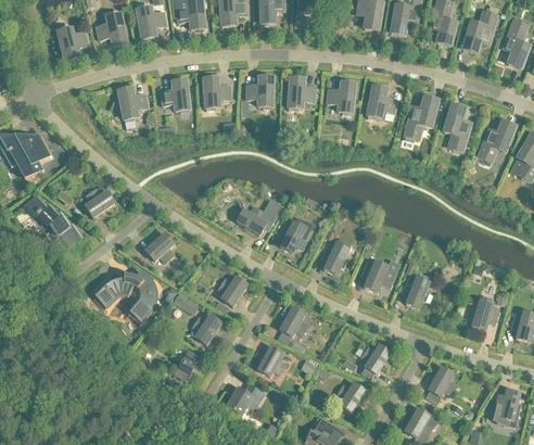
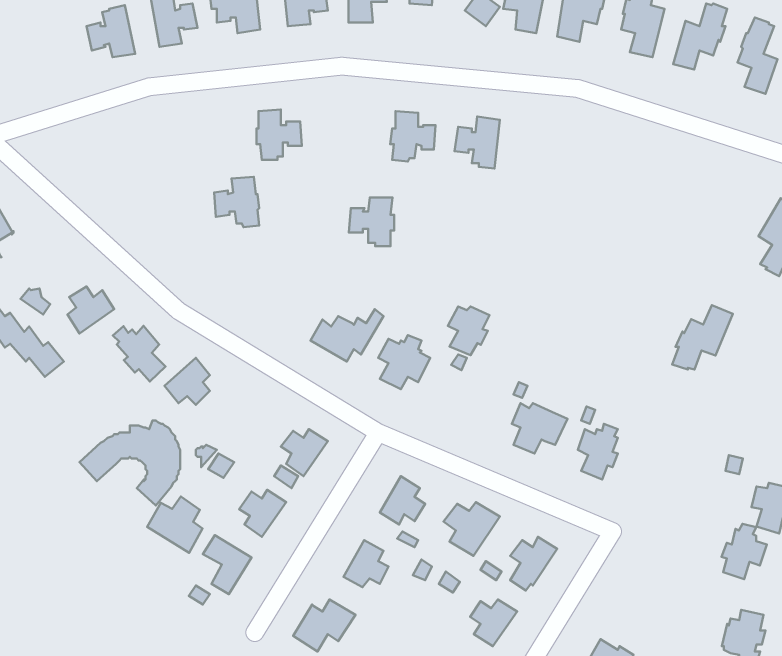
building: [58,27,88,60] -> none
building: [246,77,275,107] -> [349,198,394,246]
building: [162,80,190,112] -> [214,177,259,227]
building: [367,86,396,118] -> none
building: [118,88,148,120] -> none
building: [405,97,437,138] -> none
building: [444,104,471,152] -> none
building: [478,120,516,161] -> [672,305,733,370]
building: none -> [113,326,165,382]
building: [322,243,348,274] -> [448,307,490,355]
building: [471,295,499,330] -> [722,524,767,579]
building: none -> [147,496,202,553]
building: none -> [444,502,500,556]
building: [427,367,457,403] -> none

